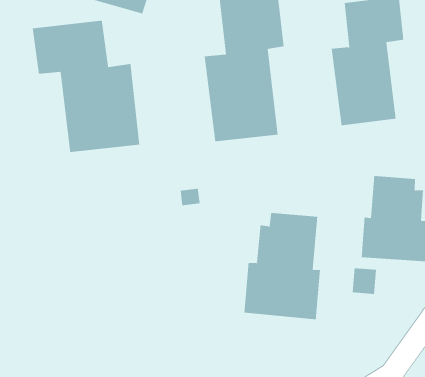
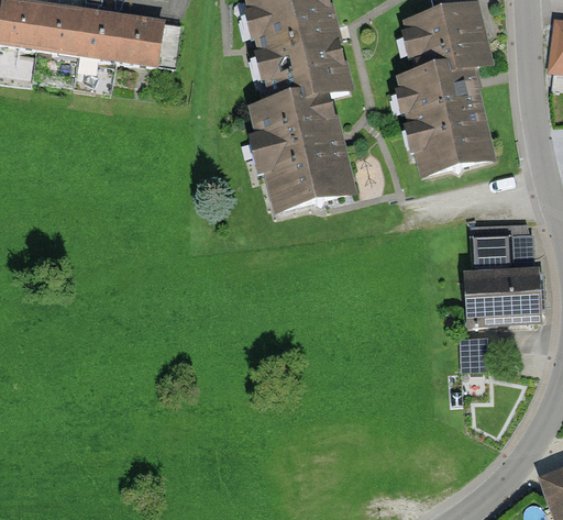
building: [32,20,140,153] -> none
building: [244,212,320,320] -> none

